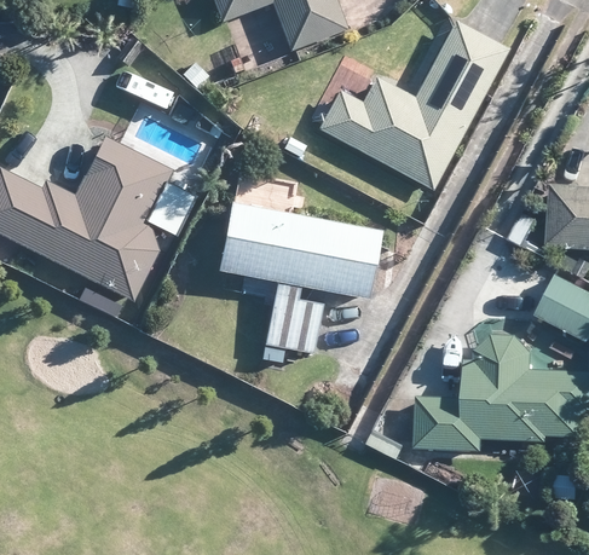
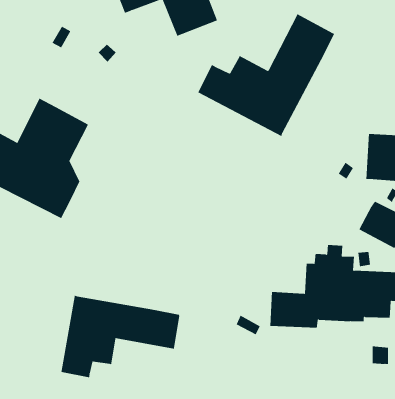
building: [215,202,379,362] -> none
building: none -> [61,295,181,378]

